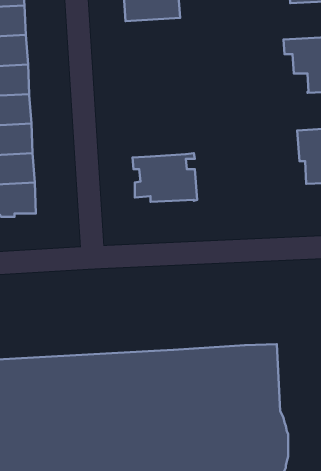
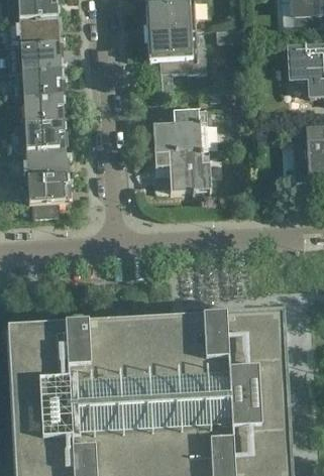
building: none -> [146,28,205,72]
building: none -> [151,108,206,152]

